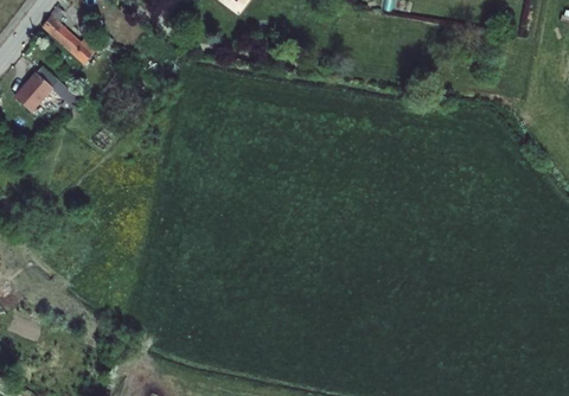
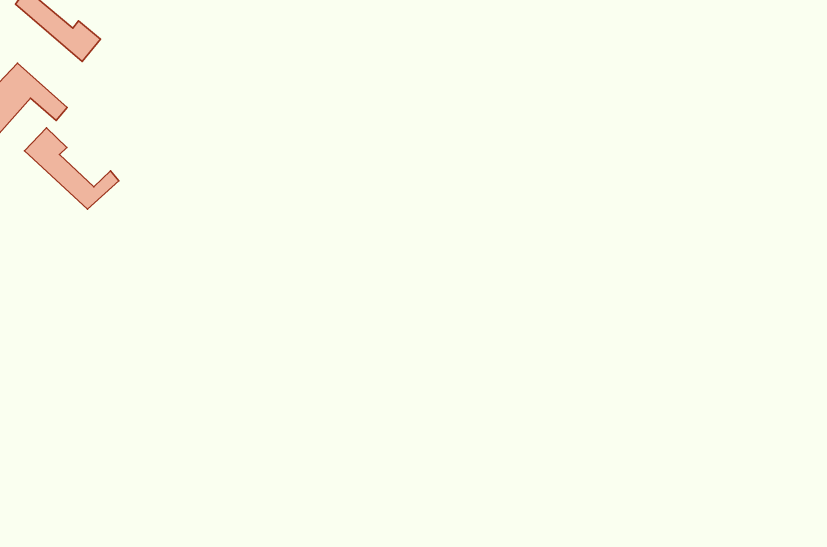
building: none -> [25,128,119,209]

